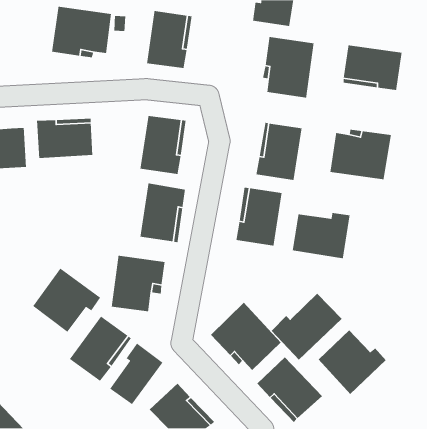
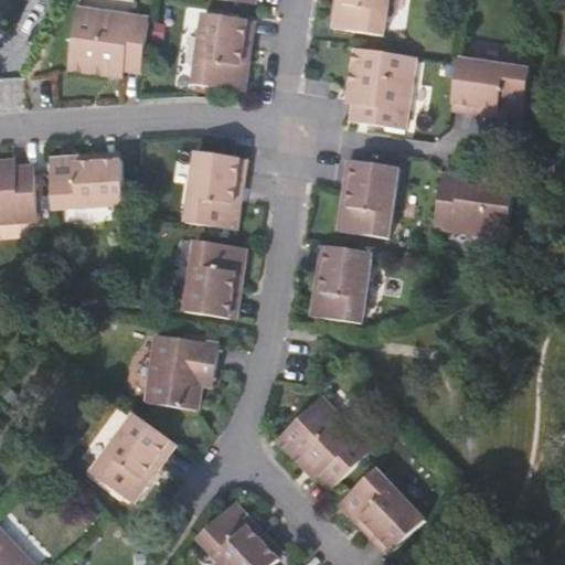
building: [292,212,350,259] -> none
building: [32,267,101,333] -> none
building: [271,293,343,361] -> none
building: [318,329,386,395] -> none
building: [109,343,163,405] -> none

